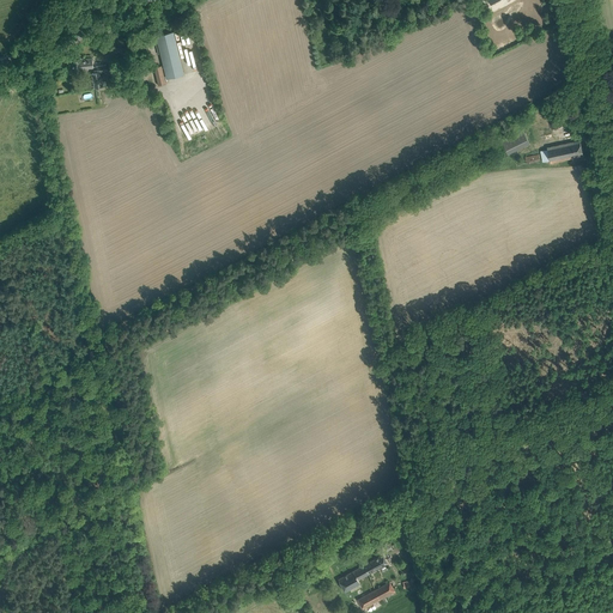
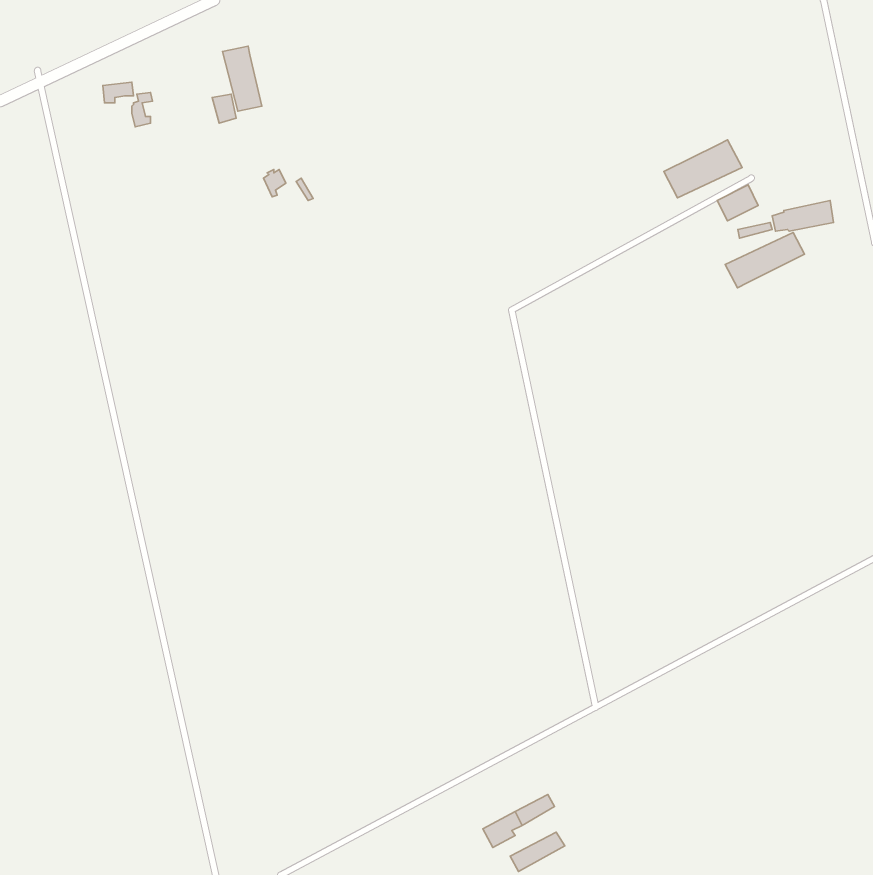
building: none -> [664,140,742,198]
building: none -> [725,232,805,288]

